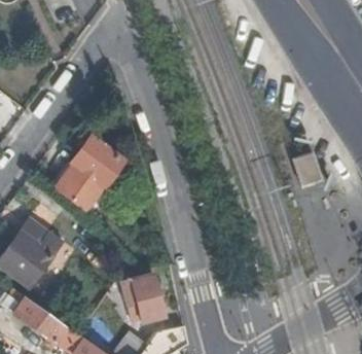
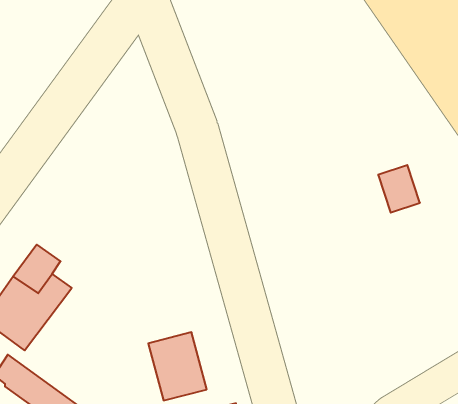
building: [56,135,124,212] -> none

